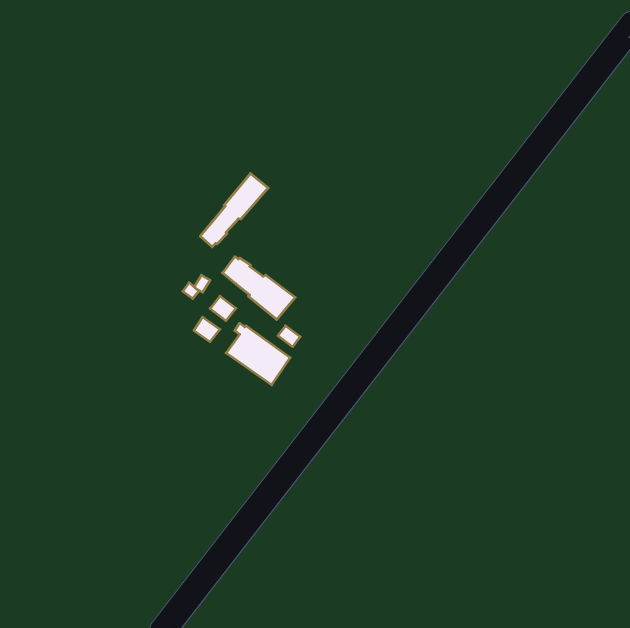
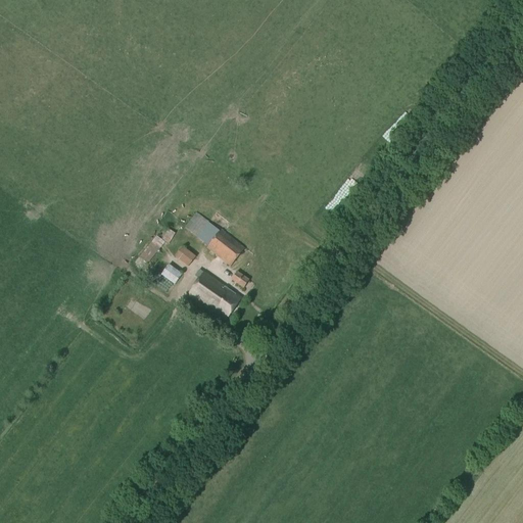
building: [200,173,268,247] -> none

